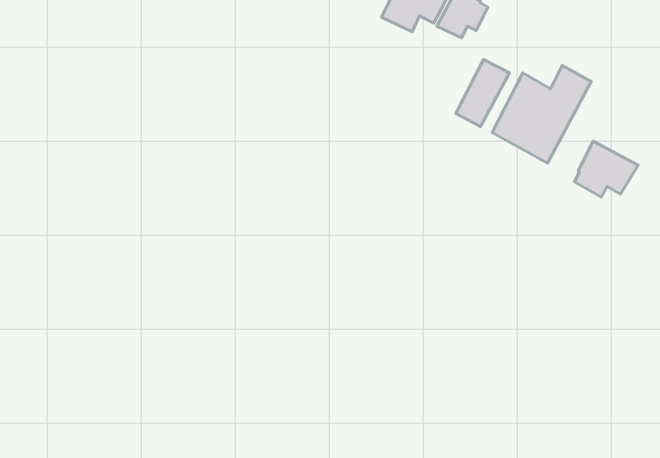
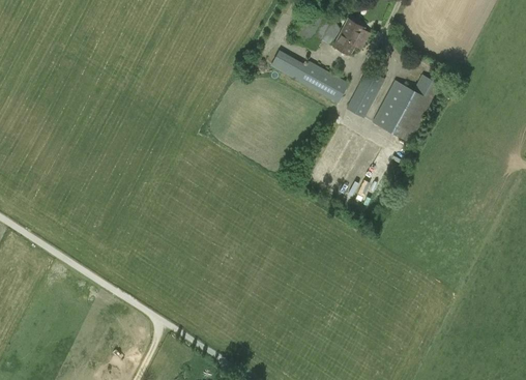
building: none -> [270,50,348,103]
building: [574,141,638,197] -> none

